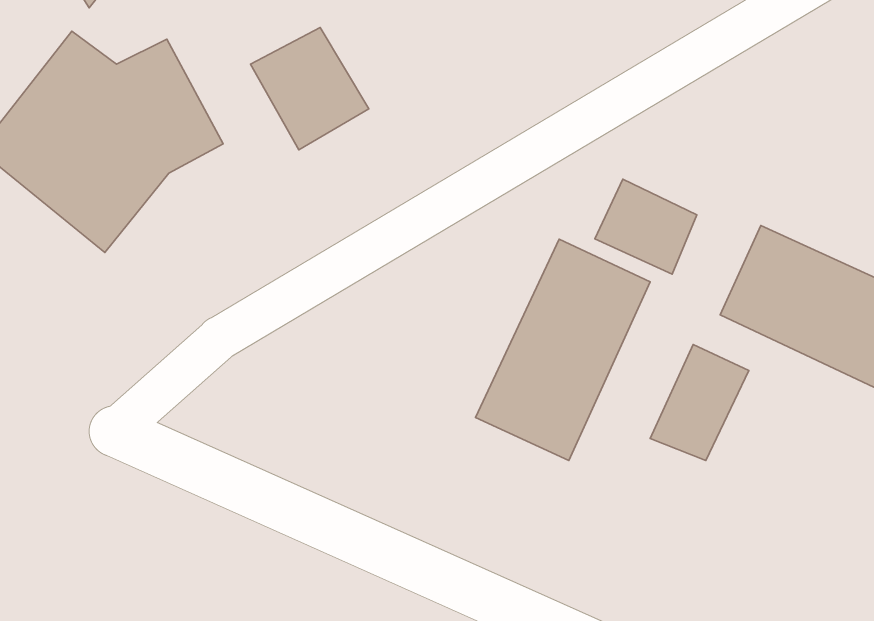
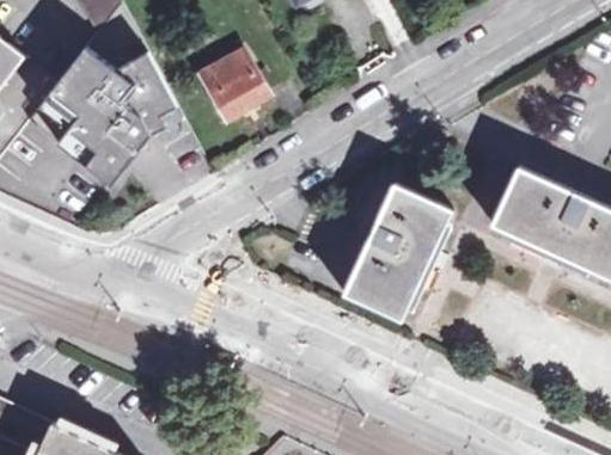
building: [595,179,697,274] -> none
building: [650,344,749,461] -> none

